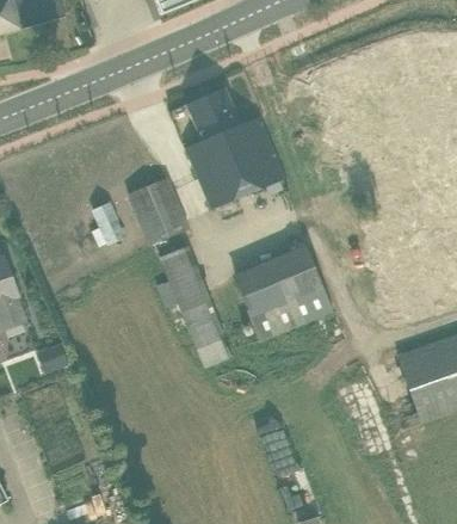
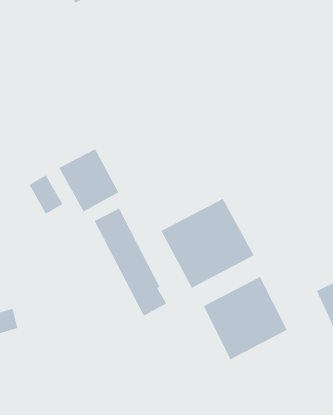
building: [184,87,285,210] -> none
building: none -> [203,276,287,360]

